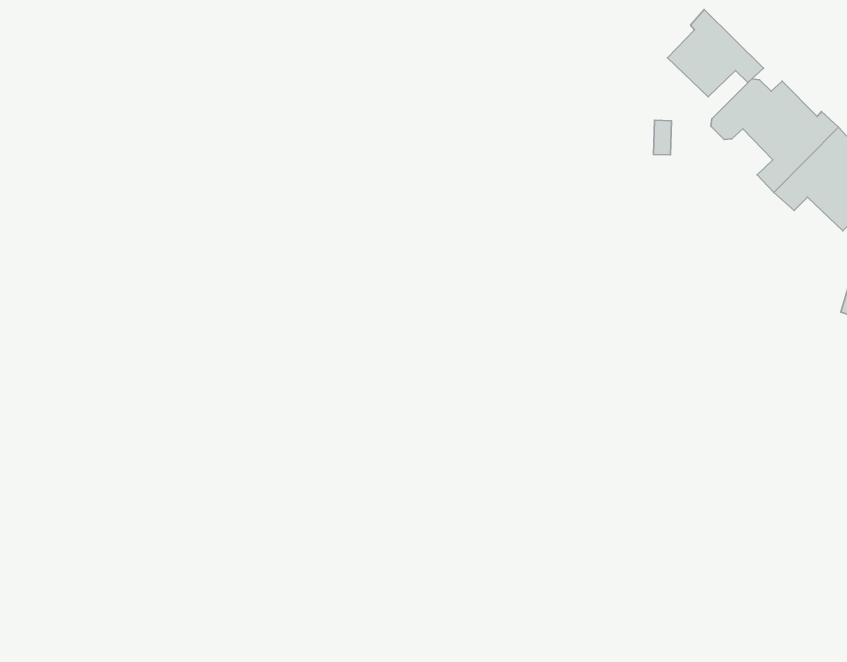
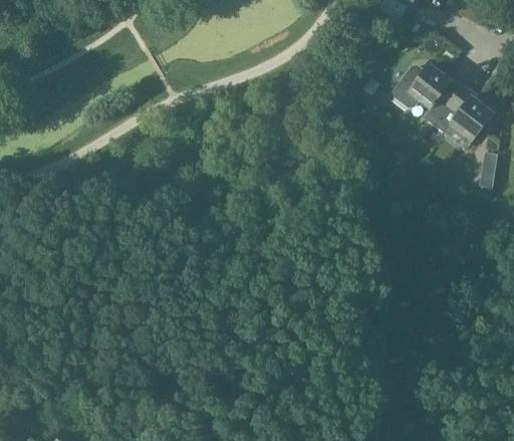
building: [668,10,764,97] -> none

